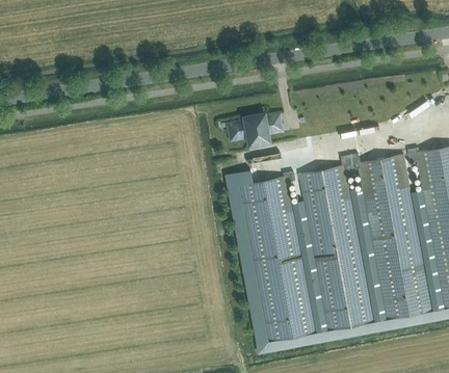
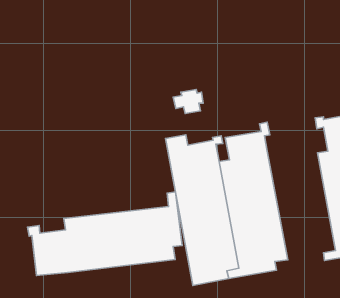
building: [349,153,432,334] -> none
building: none -> [27,192,182,275]

